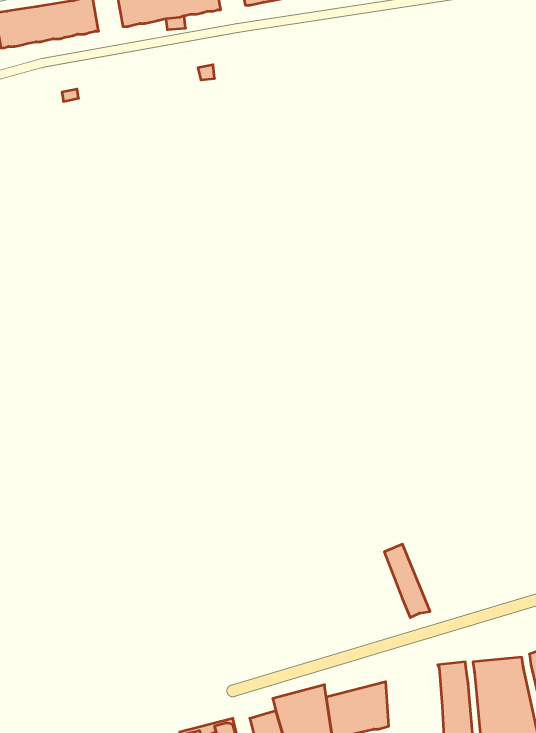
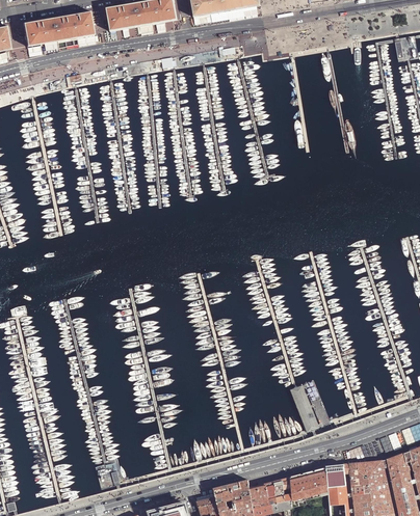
building: none -> [290,466,329,506]

